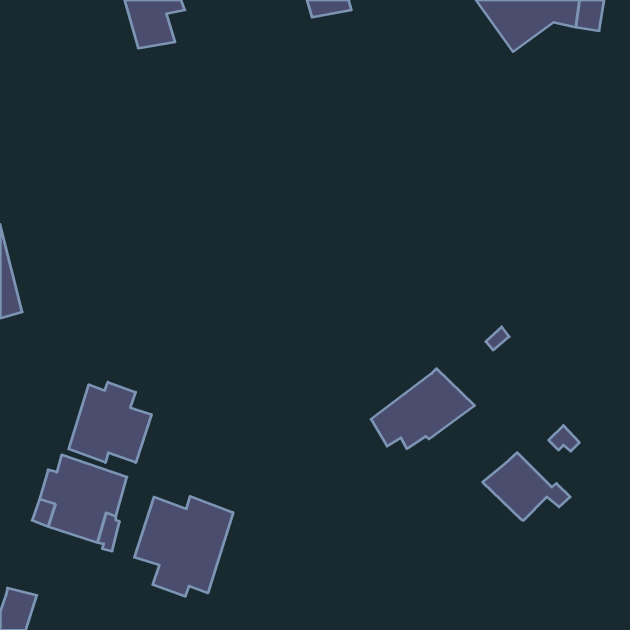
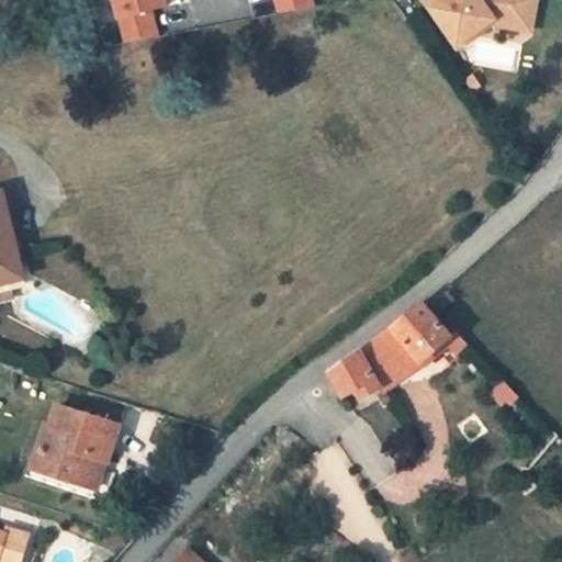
building: [69,382,151,463] -> none
building: [483,453,570,520] -> [389,302,467,362]
building: [134,496,233,596] -> none

